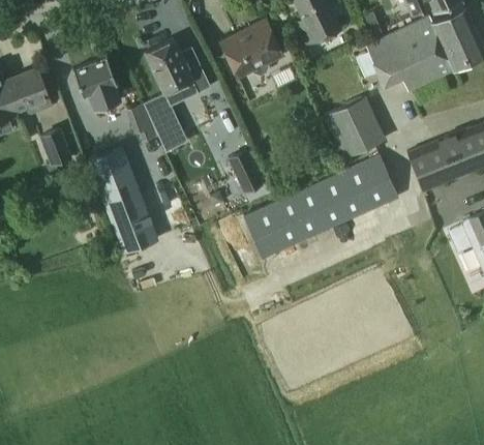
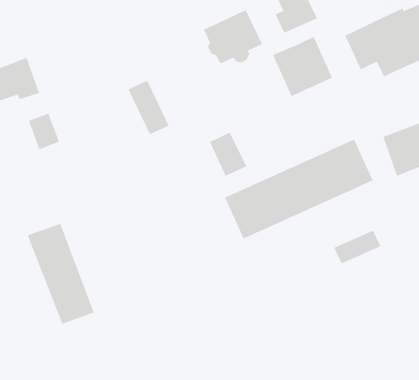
building: [145,39,211,106] -> none
building: [72,57,121,110] -> none
building: [323,96,386,159] -> [272,36,333,97]
building: [88,147,158,253] -> [27,223,95,325]
building: none -> [334,230,381,264]

